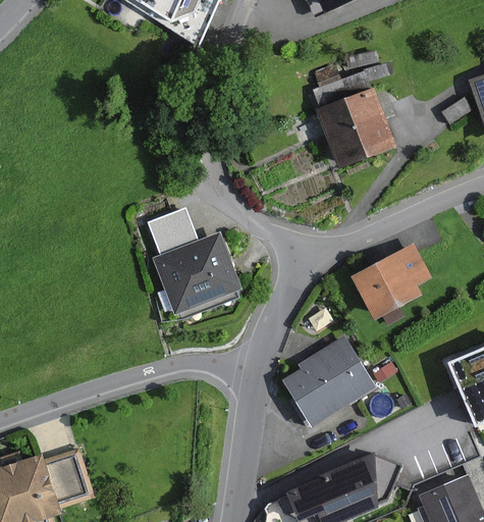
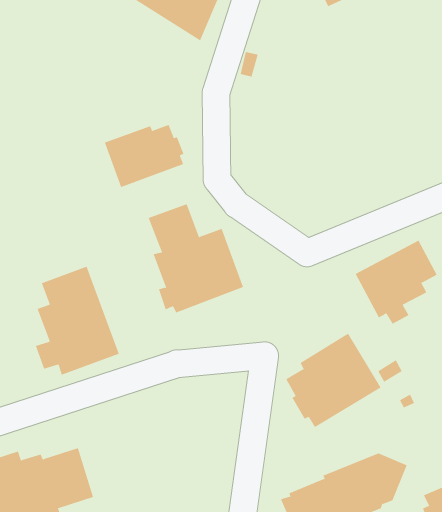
building: [289,49,396,168] -> none
building: none -> [104,124,184,188]
building: none -> [35,266,119,375]

